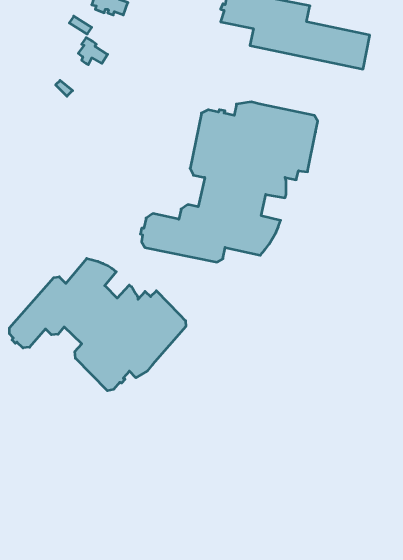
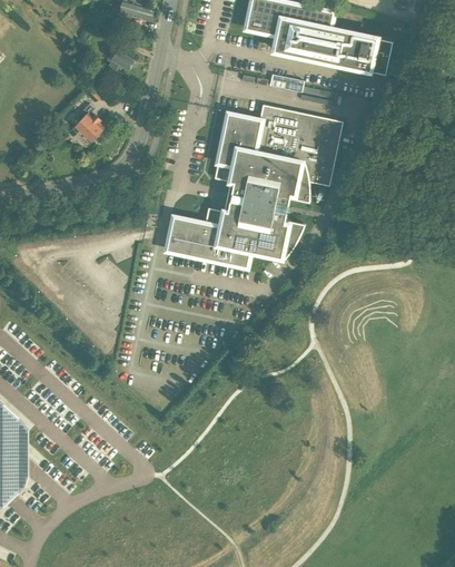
building: none -> [75,104,103,143]
building: [9,258,186,391] -> none

